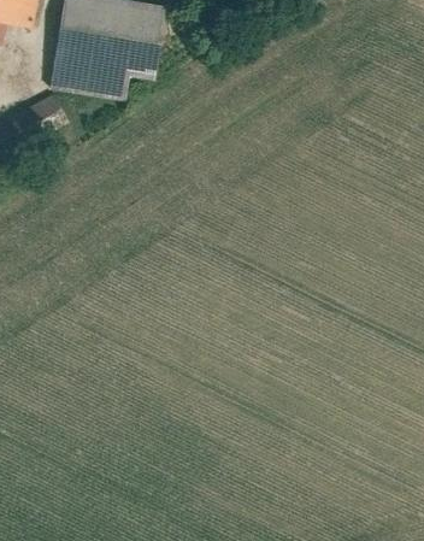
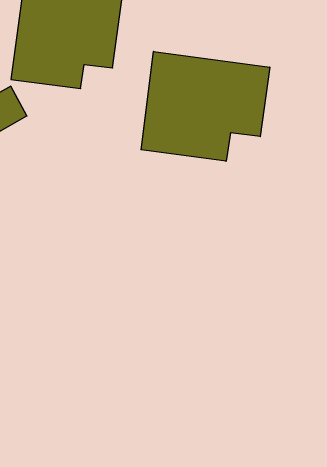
building: none -> [141,51,270,161]

